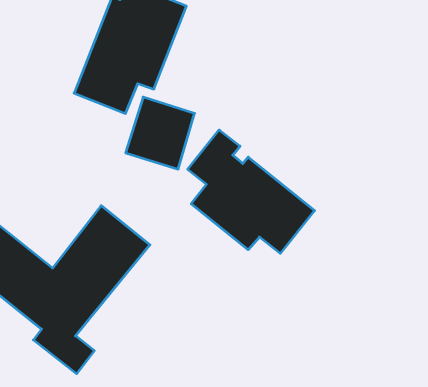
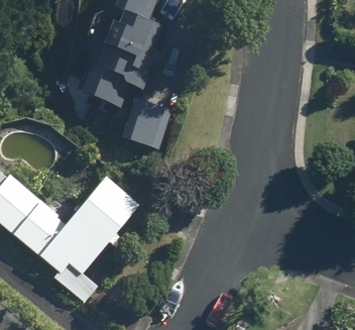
building: [188,130,315,253] -> none

